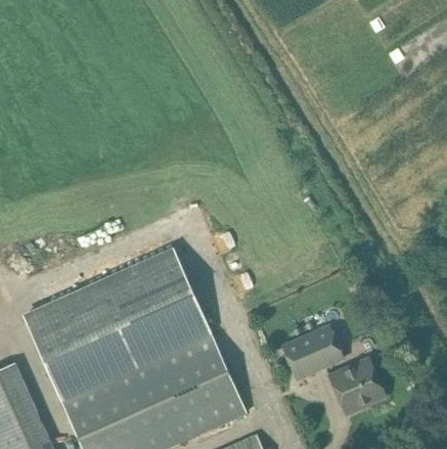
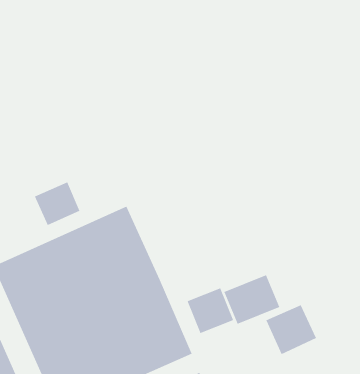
building: none -> [34,182,80,226]
building: none -> [187,288,234,334]

